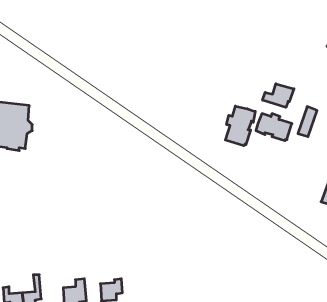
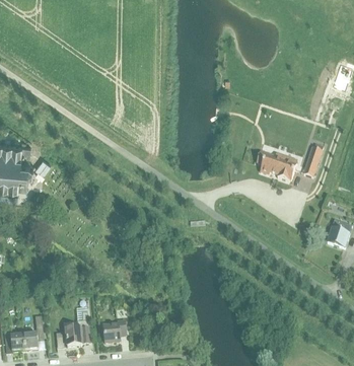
building: [263,84,294,107] -> none
building: [225,106,255,146] -> none

